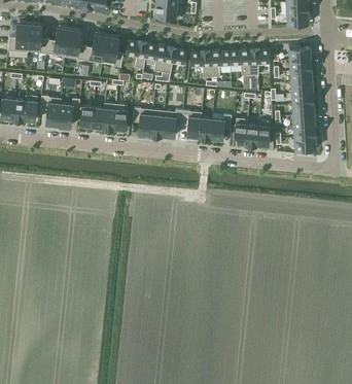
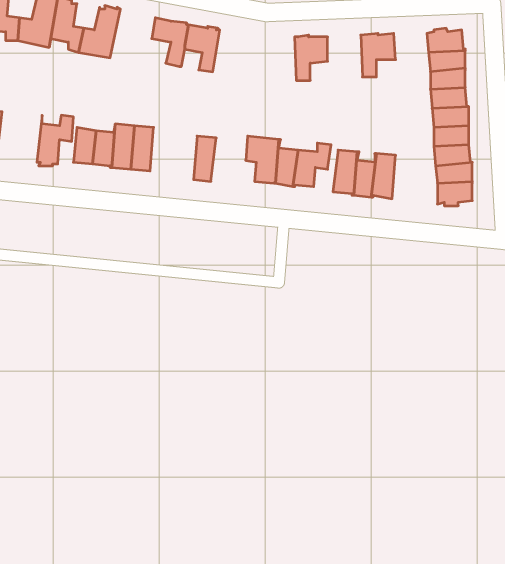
building: [101,36,122,68] -> none
building: [162,48,185,75] -> none
building: [230,50,250,77] -> none
building: [190,53,211,78] -> none
building: [40,96,61,128] -> none
building: [132,109,152,137] -> none
building: [161,111,182,138] -> none

